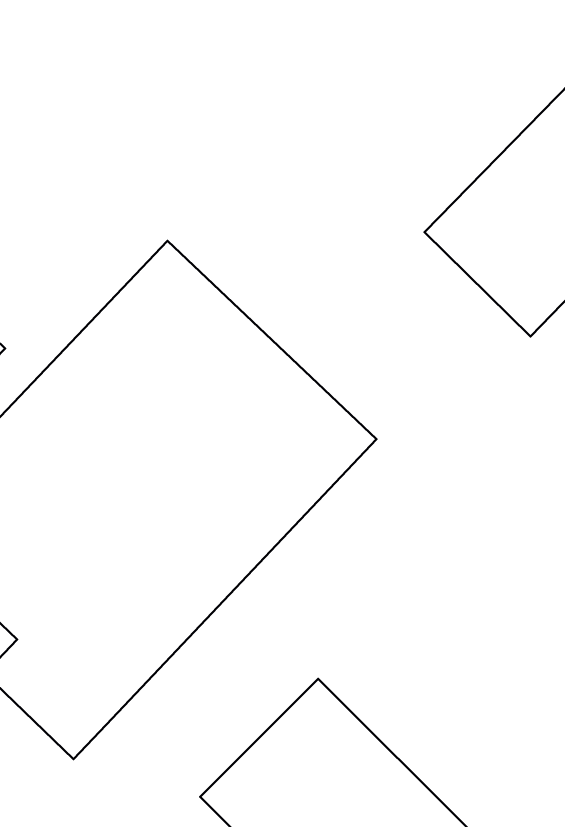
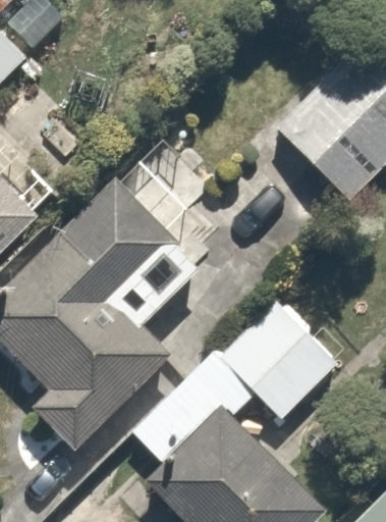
building: none -> [208,302,330,424]

